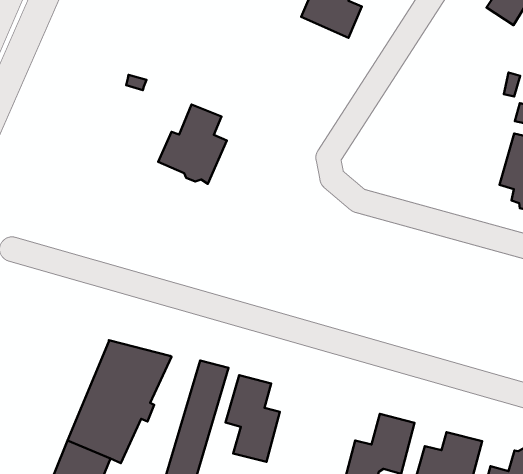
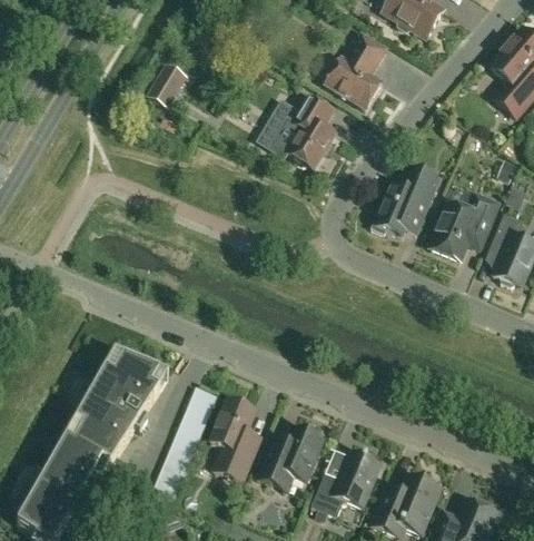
building: none -> [149,63,185,104]
building: none -> [372,166,439,235]
building: [158,104,227,184] -> [271,94,336,167]
building: none -> [431,191,500,259]
building: none -> [257,426,323,489]

